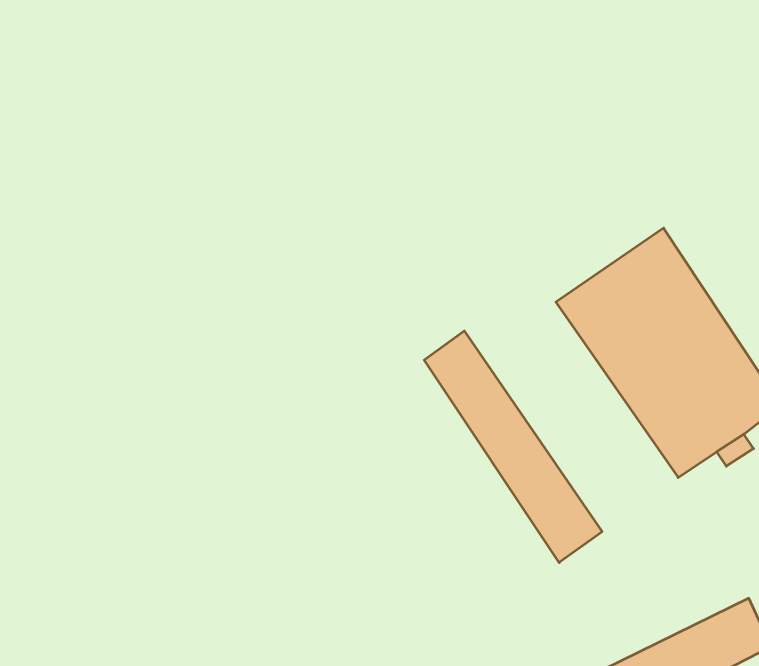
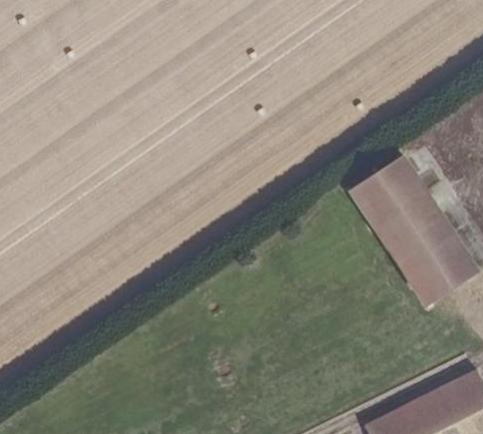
building: [424,331,602,563] -> none

